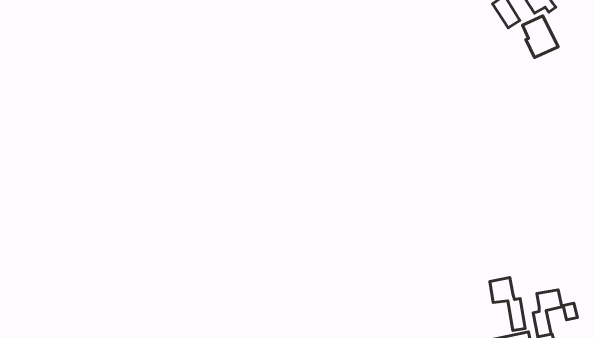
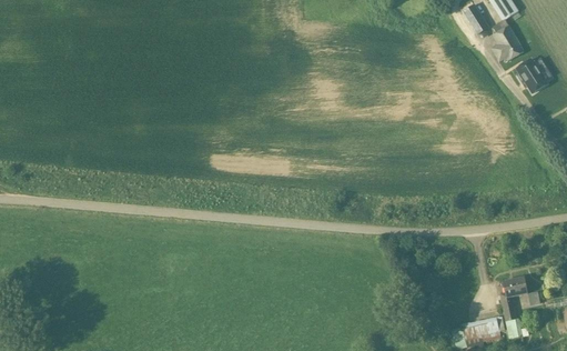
building: none -> [516,59,548,93]
building: [490,278,525,331] -> none

